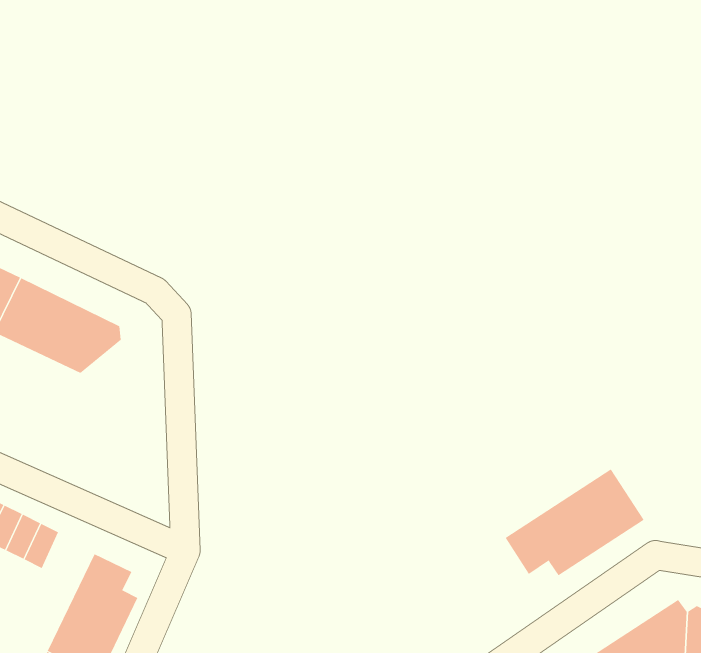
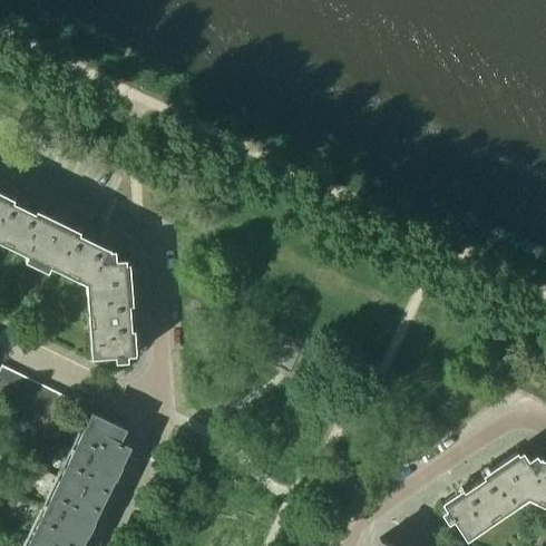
building: none -> [86,261,135,360]
building: [505,468,645,576] -> none

